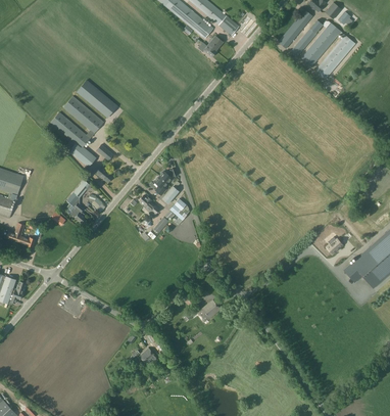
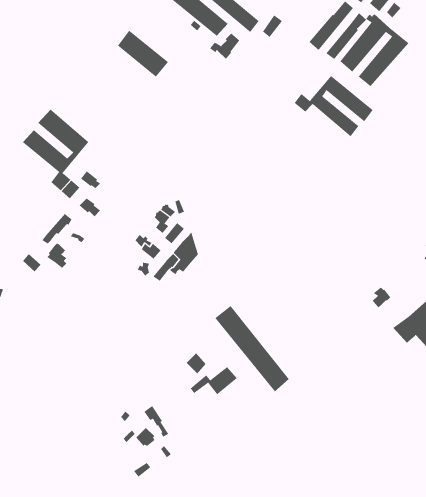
building: none -> [294,75,374,137]
building: [77,80,117,118] -> [117,30,169,78]
building: none -> [215,305,289,392]

